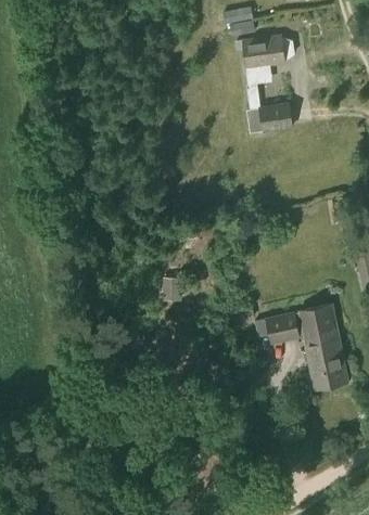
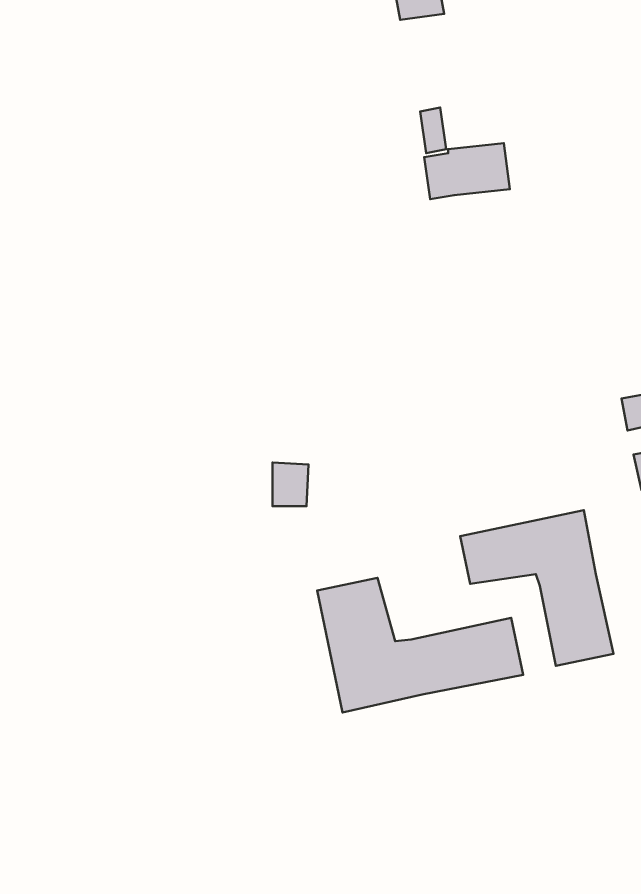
building: [234,35,292,66] -> none
building: none -> [317,578,523,713]

